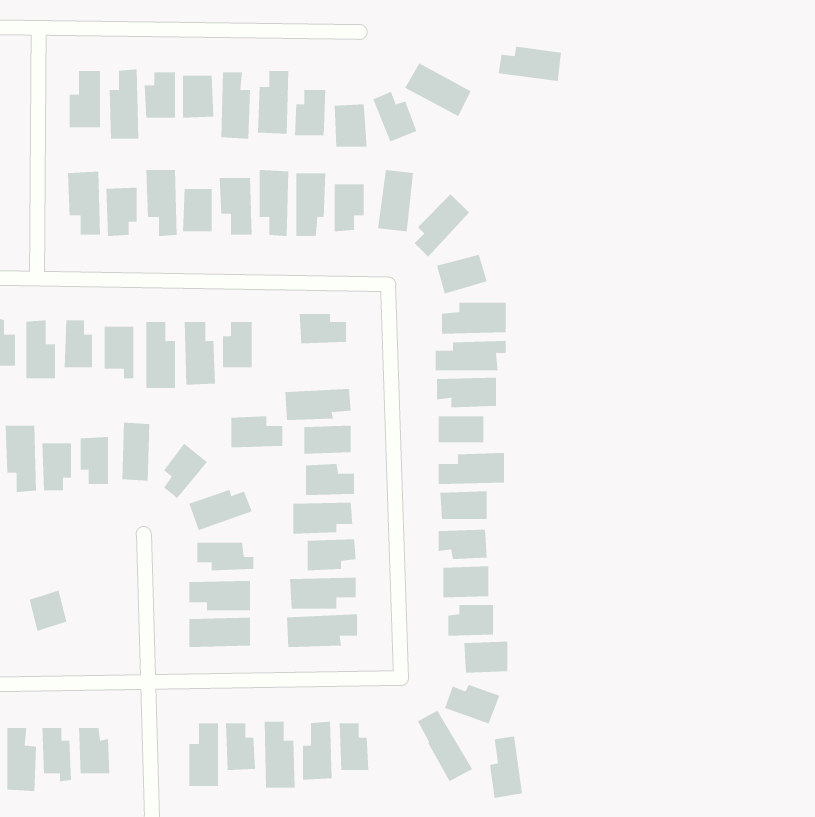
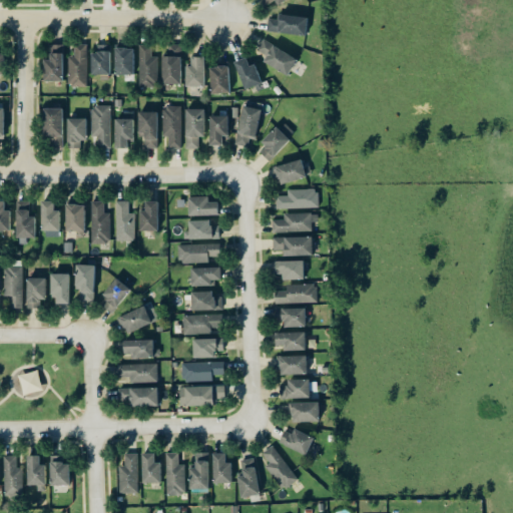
building: [498,46,562,81] -> [267,13,307,35]
building: [230,416,283,448] -> [186,219,219,239]
building: [489,736,523,798] -> [237,458,259,497]

